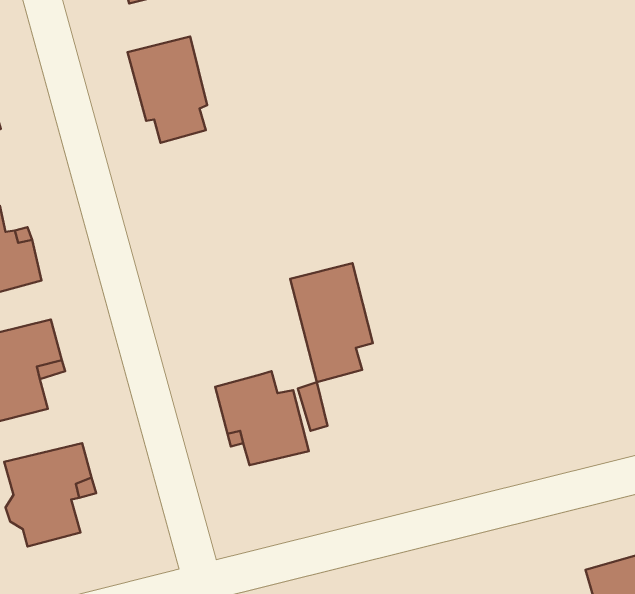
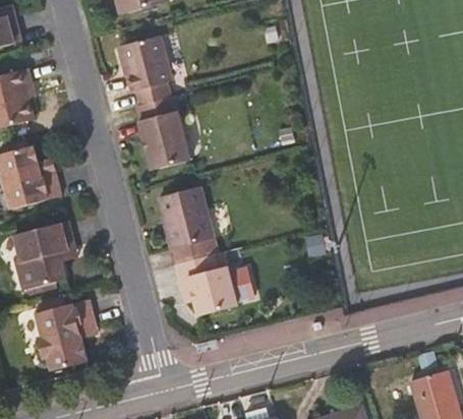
building: none -> [134,96,188,170]
building: [290,263,373,382] -> [157,186,211,263]

